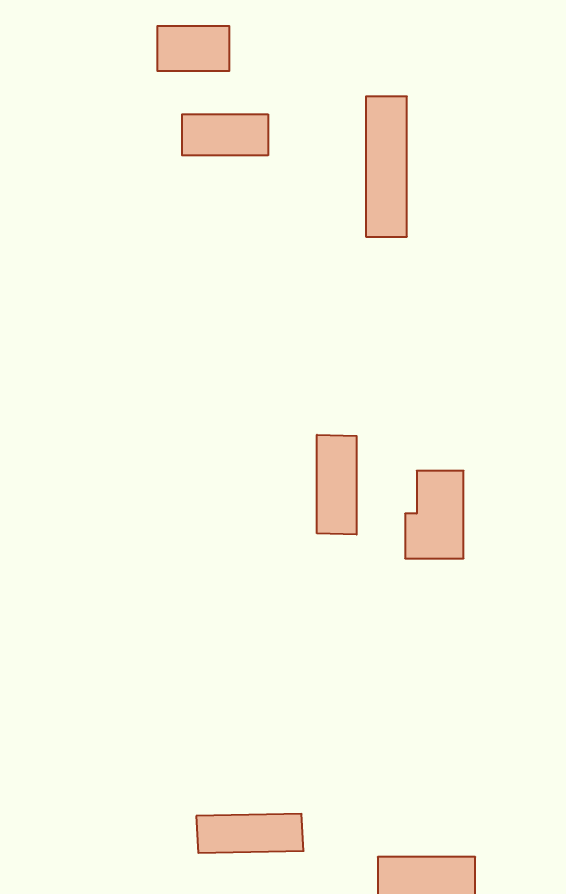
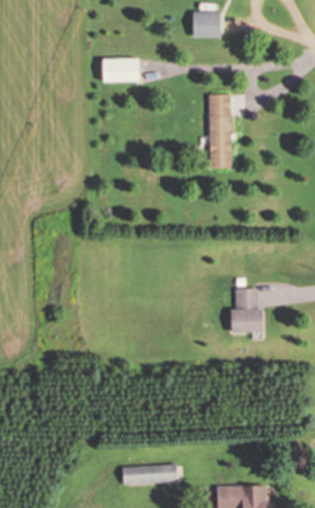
building: [182,114,268,155] -> none
building: [317,435,357,535] -> none

